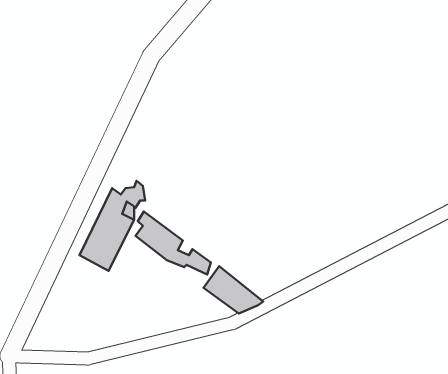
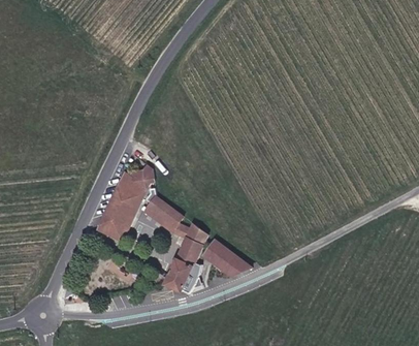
building: none -> [165,237,204,293]

